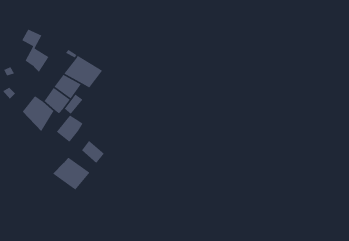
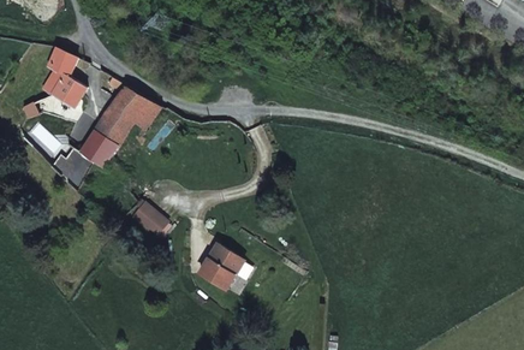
building: [56,114,84,143] -> none
building: [52,157,91,191] -> none
building: none -> [198,245,243,289]

